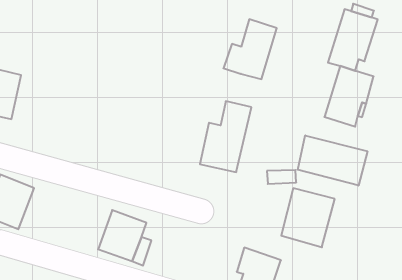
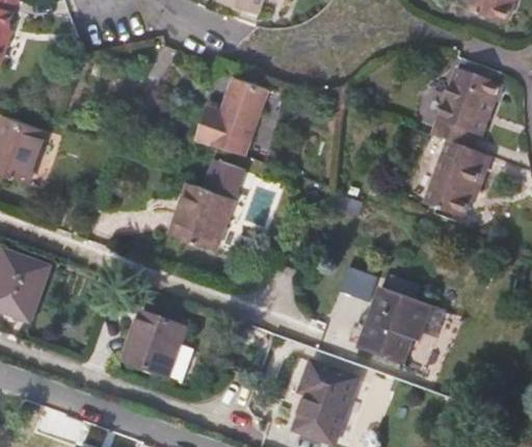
building: [223,19,277,79] -> [192,76,263,153]
building: [200,101,251,172] -> [168,162,238,253]
building: [298,135,367,186] -> none

